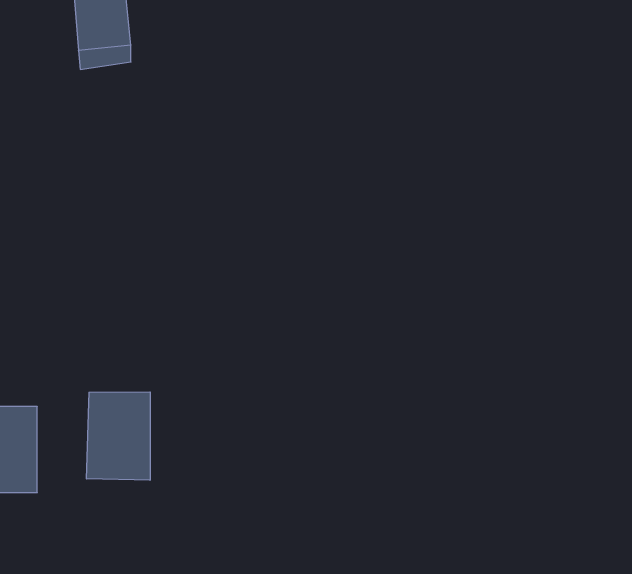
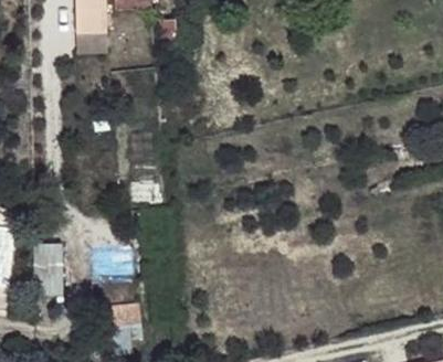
building: [87,392,150,480] -> none

